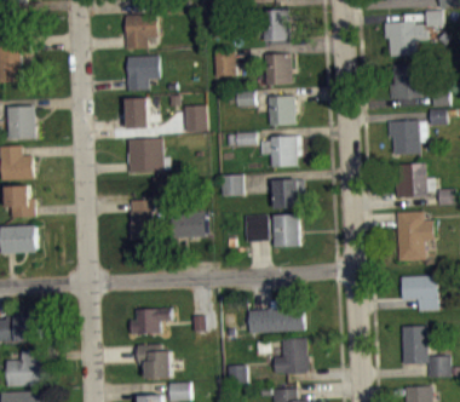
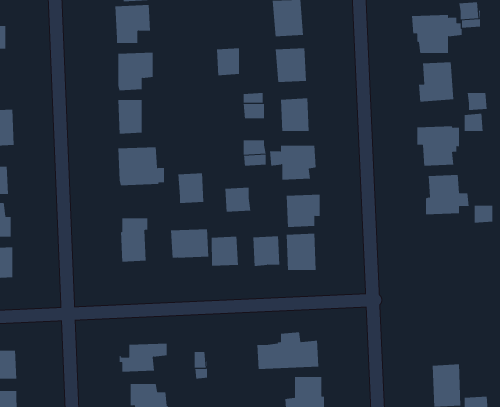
building: [184,104,207,131] -> [178,173,204,203]
building: [395,211,433,260] -> none
building: none -> [211,236,238,267]
building: [399,275,436,311] -> none

